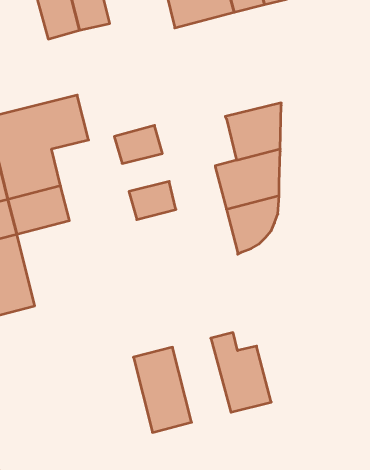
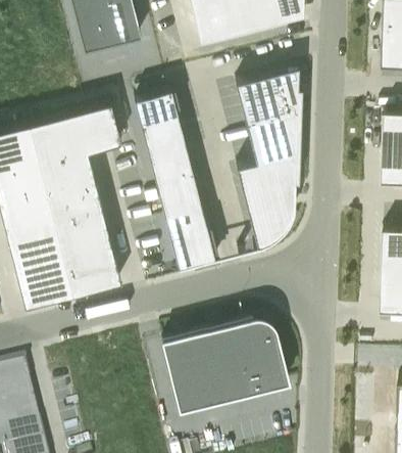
building: none -> [236,69,299,124]
building: none -> [135,91,182,142]
building: none -> [152,157,195,192]
building: none -> [165,209,218,270]
building: none -> [56,219,120,297]
building: none -> [198,326,251,403]

